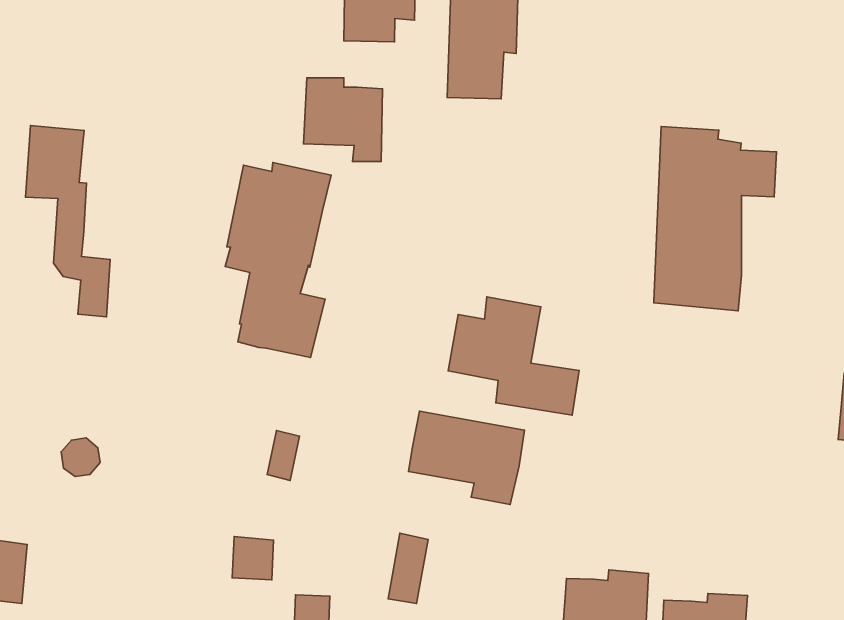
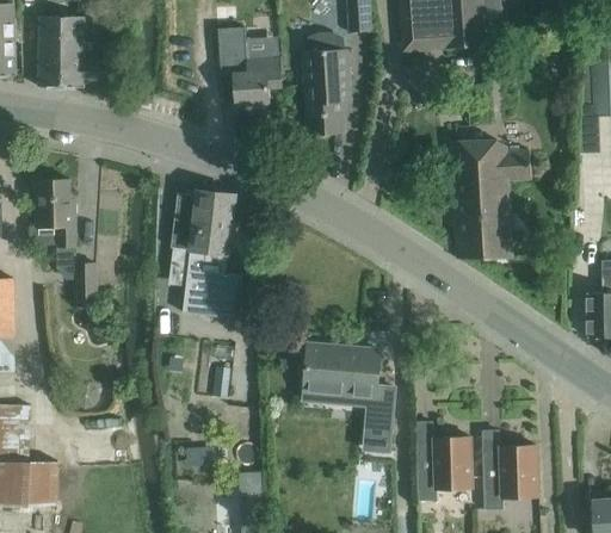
building: [303,78,383,161] -> none
building: [448,297,579,415] -> none
building: [388,533,428,603] -> [370,408,393,453]

